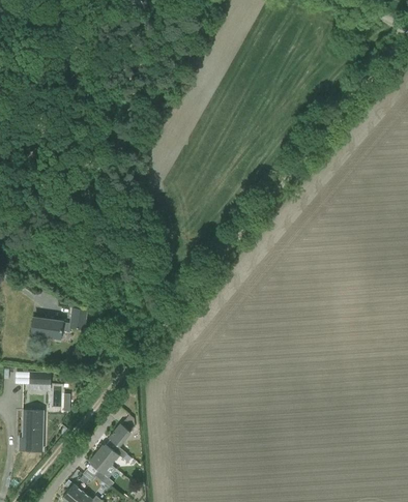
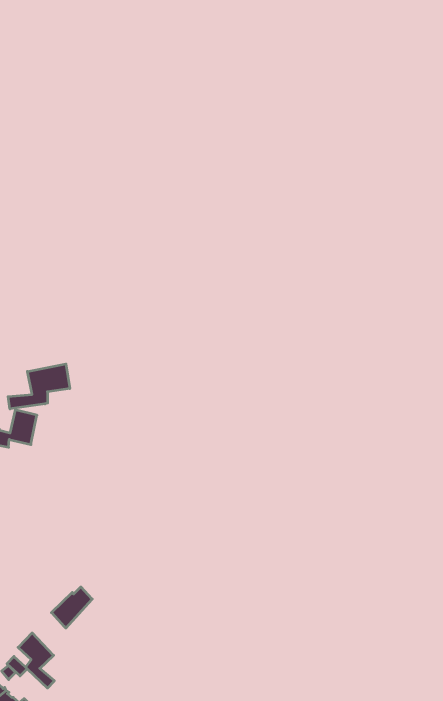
building: none -> [8,364,70,409]
building: [96,443,135,466] -> none

